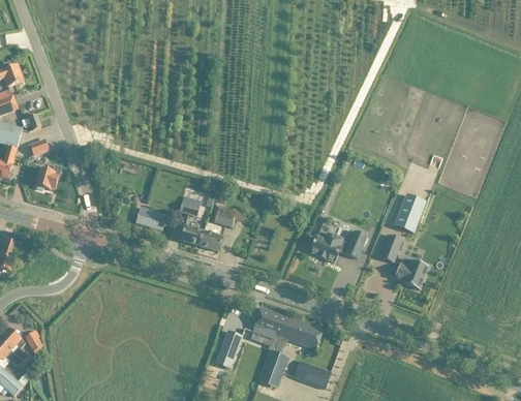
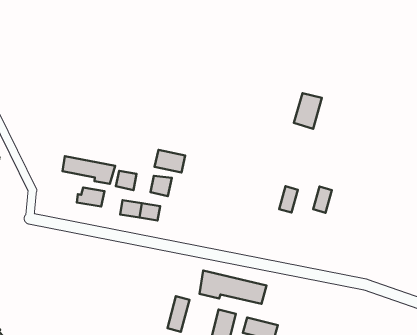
building: none -> [63,156,115,184]
building: none -> [154,150,185,173]
building: [393,194,425,233] -> [294,93,322,129]
building: [309,232,341,261] -> none
building: [394,259,427,288] -> none

